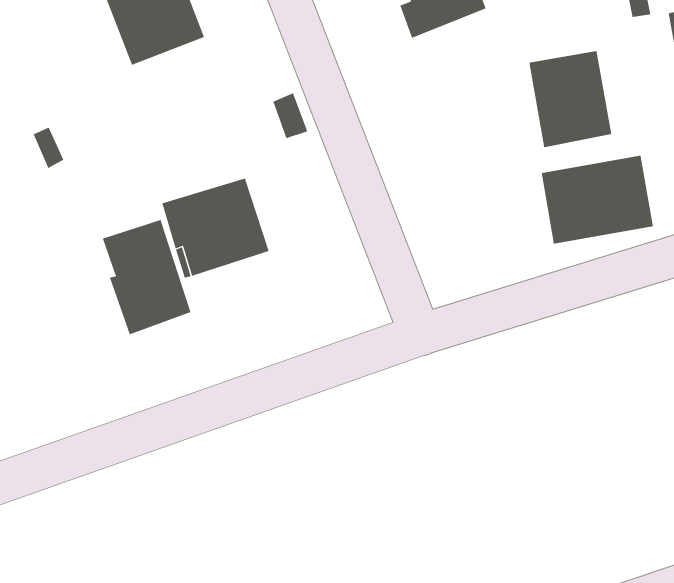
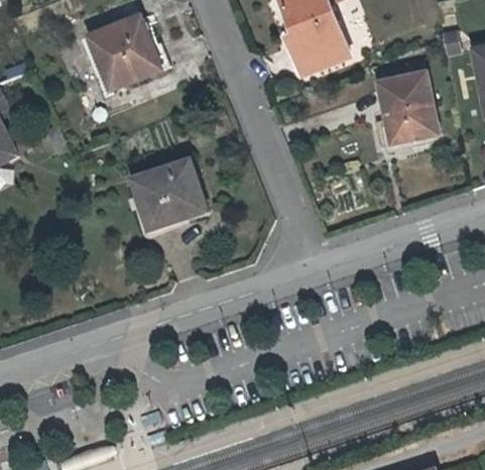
building: [541,155,654,244] -> none
building: [102,219,191,335] -> none

